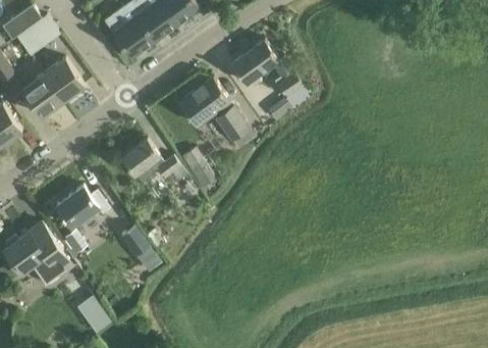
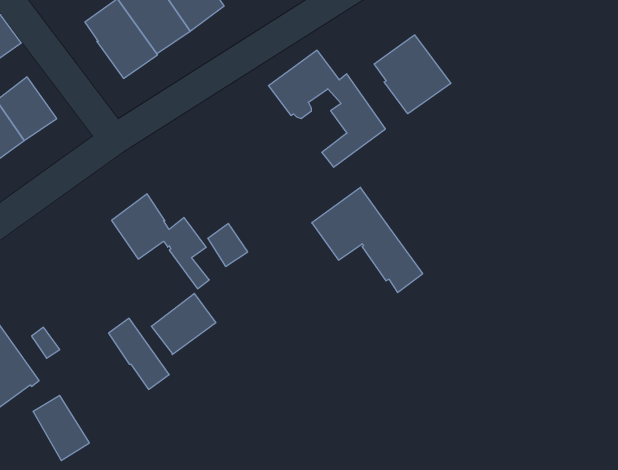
building: none -> [374,35,451,114]
building: [179,77,256,149] -> [312,187,423,293]
building: [55,185,110,227] -> none
building: none -> [151,293,216,355]

